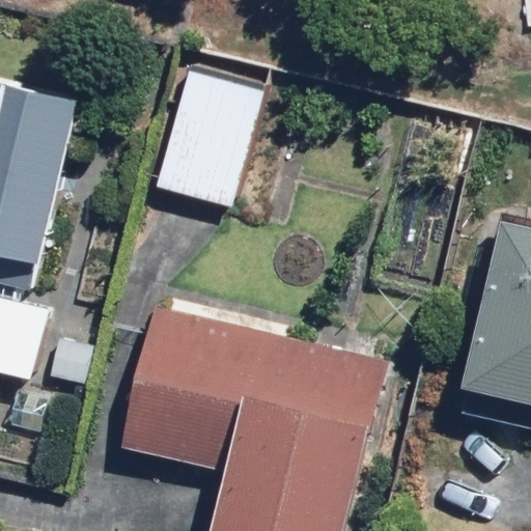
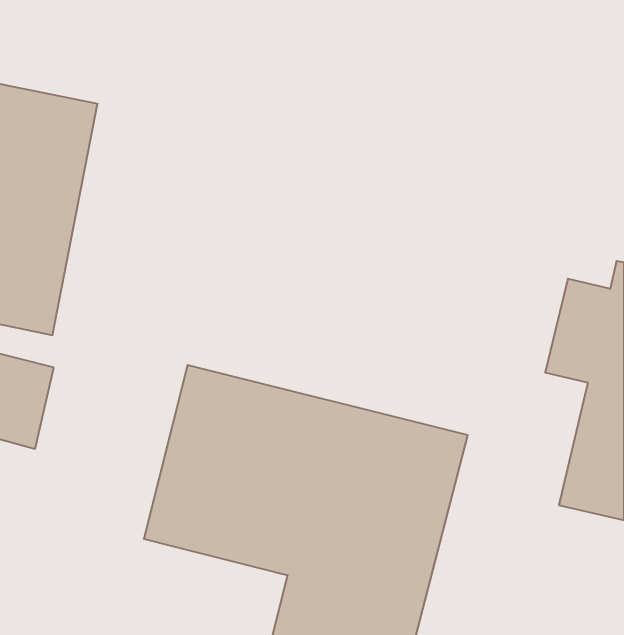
building: [152,57,261,204] -> none

